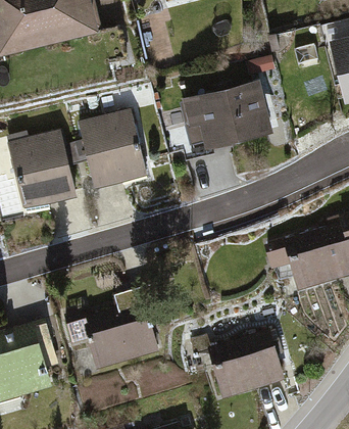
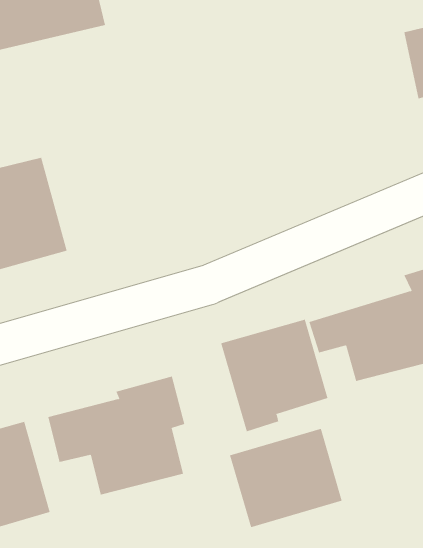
building: [174,74,263,153] -> none
building: [74,104,151,192] -> none
building: none -> [220,319,328,432]

